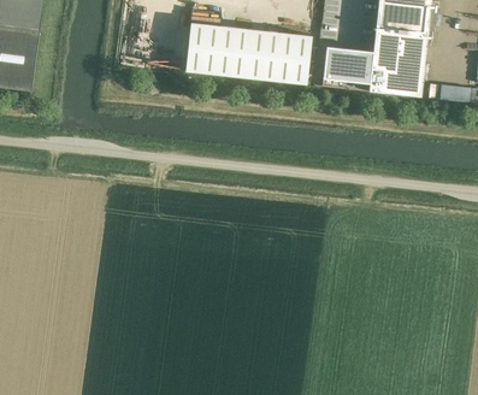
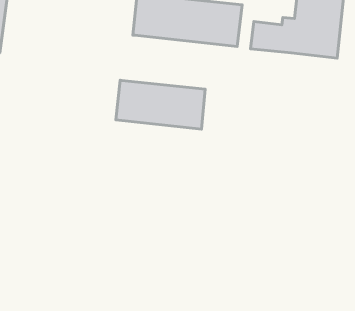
building: none -> [116,80,205,129]

